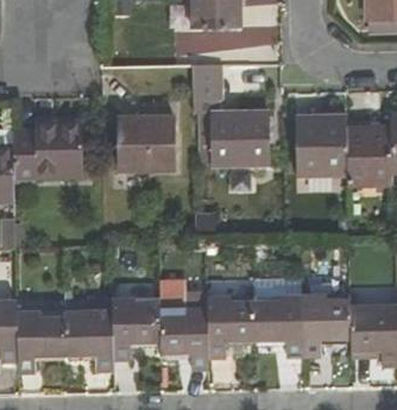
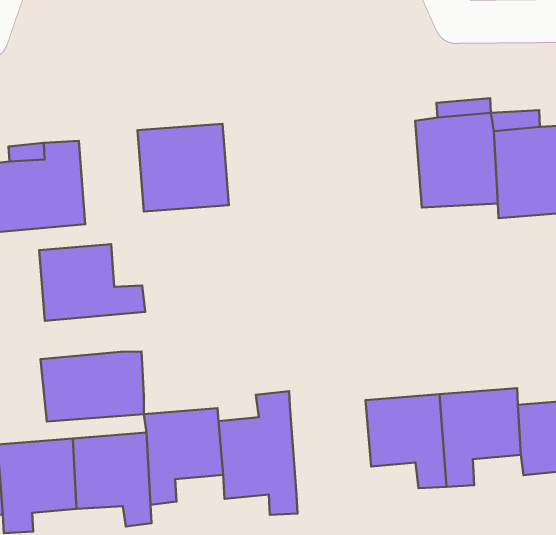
building: [210,114,266,164] -> none
building: none -> [39,244,145,321]
building: none -> [40,352,144,421]
building: [206,298,256,357] -> none

